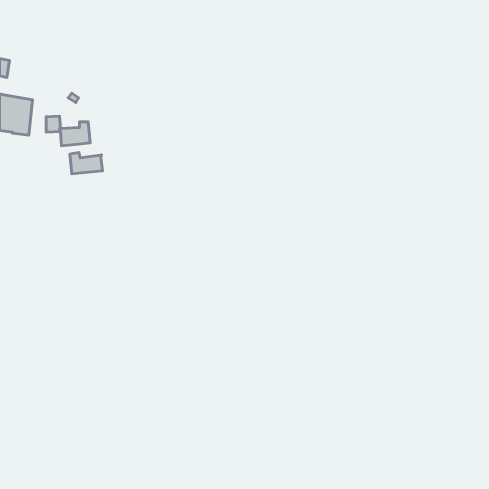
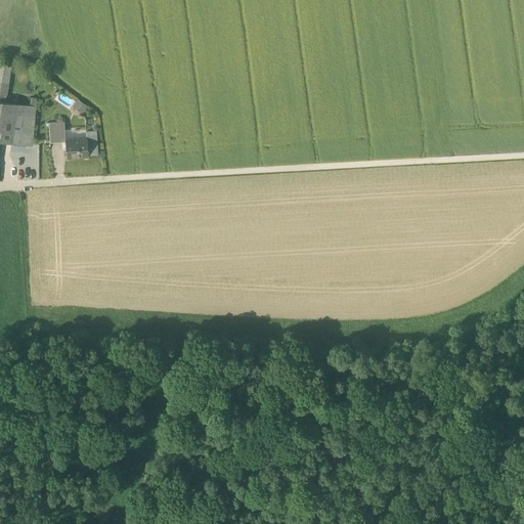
building: [70,153,103,174] -> none

